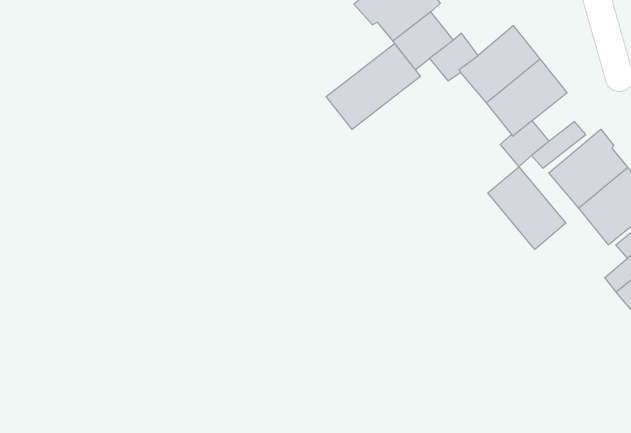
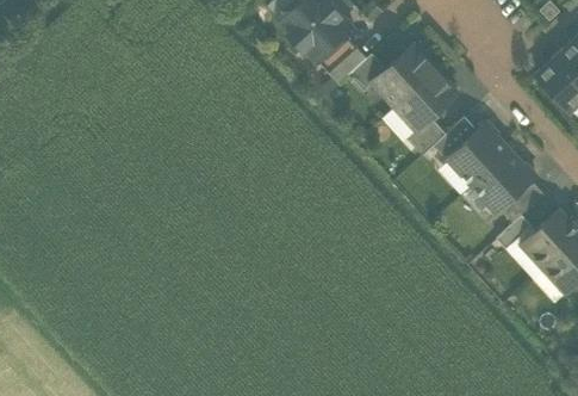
building: [326,44,420,129] -> none
building: [488,167,566,249] -> none

